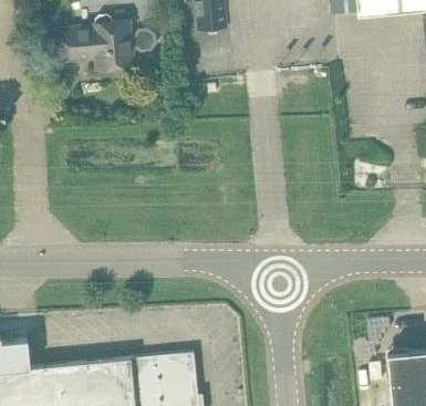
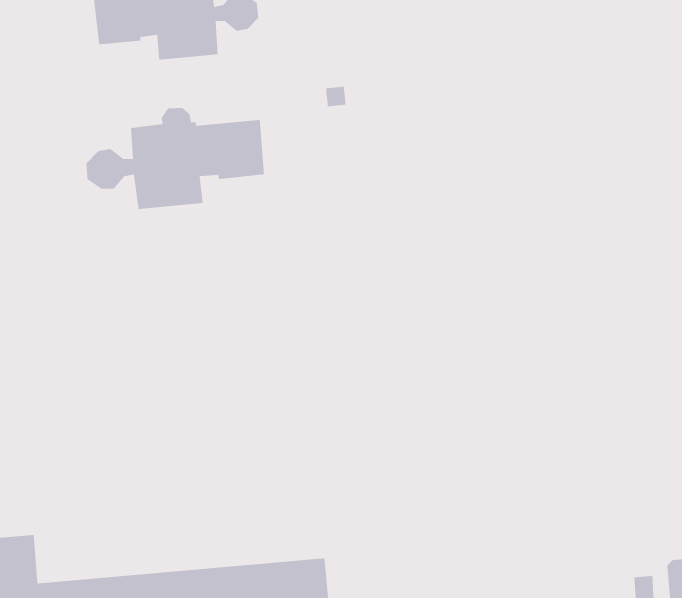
building: none -> [86,107,265,210]

